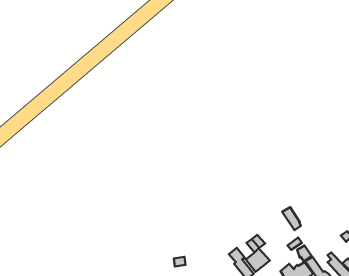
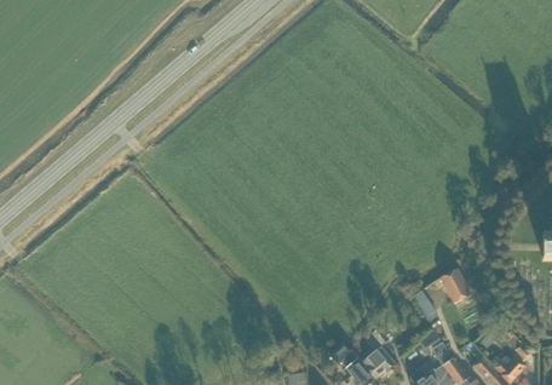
building: none -> [439,268,471,303]

